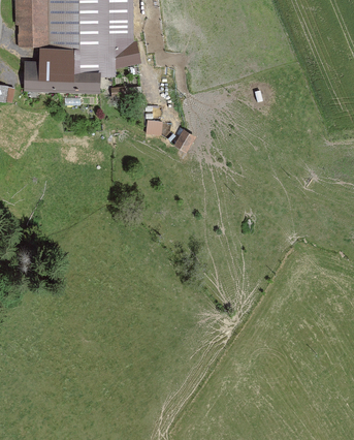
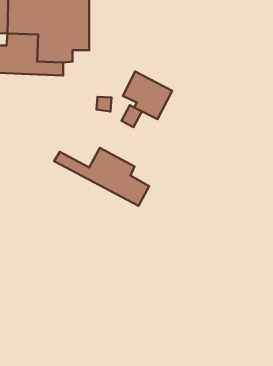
building: none -> [123,71,172,119]
building: none -> [54,148,149,206]

